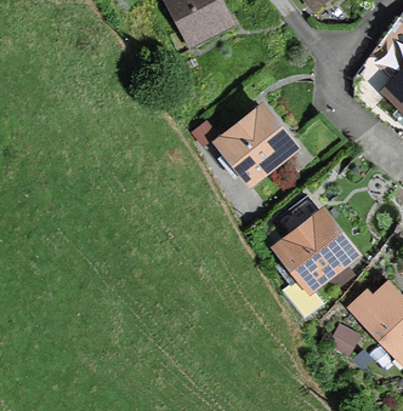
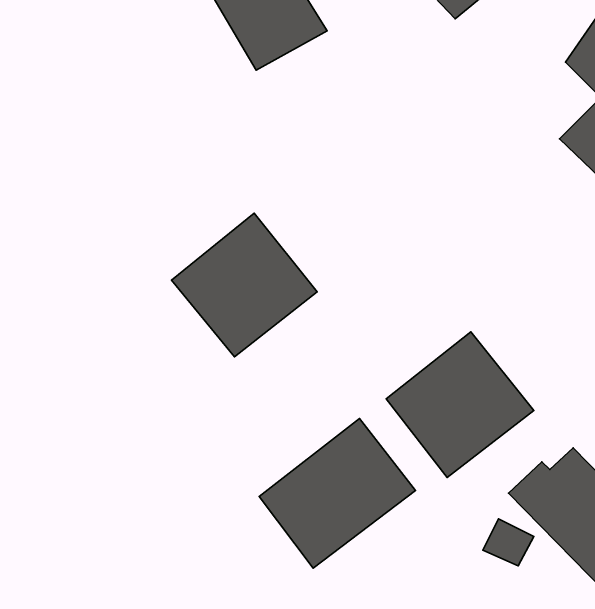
building: [210,98,300,187] -> [171,213,317,357]
building: none -> [259,419,416,568]

